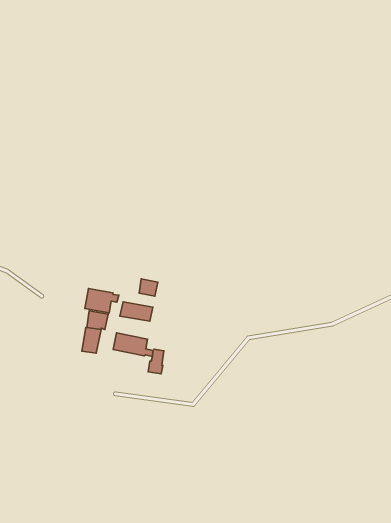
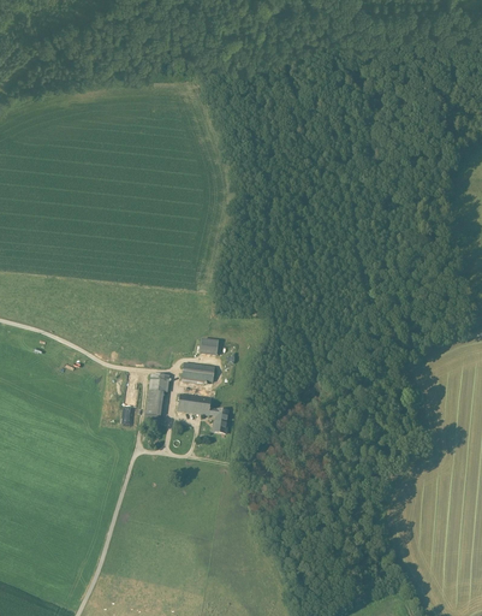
building: [85,288,119,313] -> none

